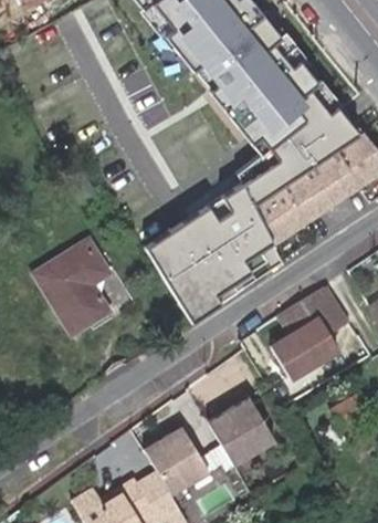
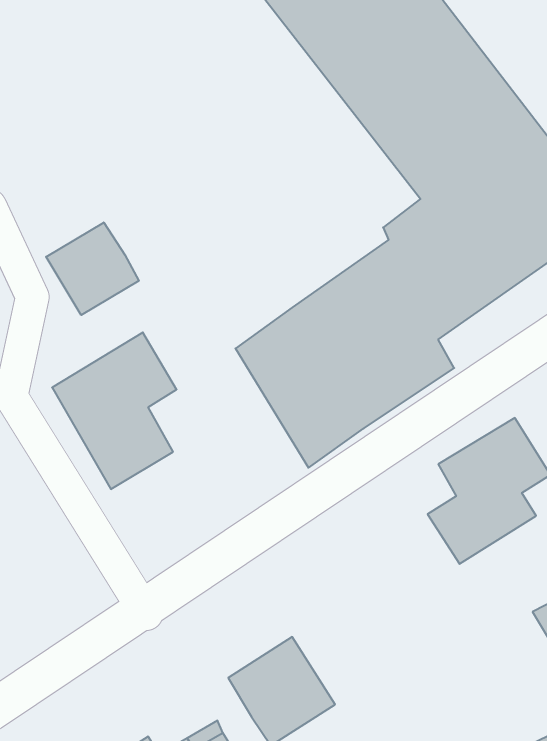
building: none -> [46,222,139,315]
building: [210,399,275,467] -> none

